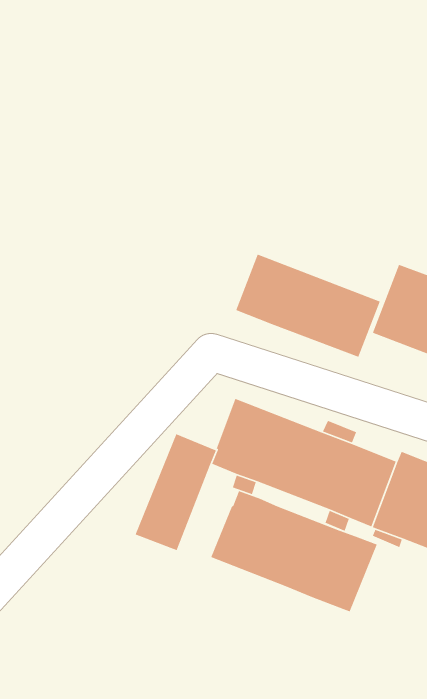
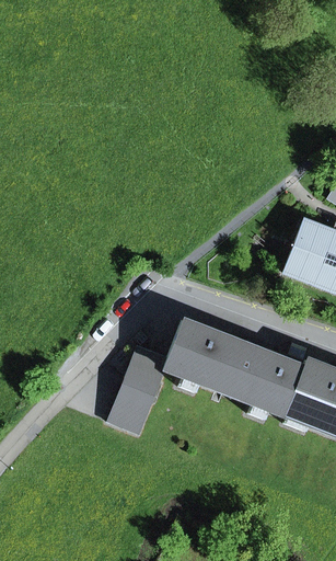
building: [235,254,381,358] -> none
building: [210,490,378,612] -> none

